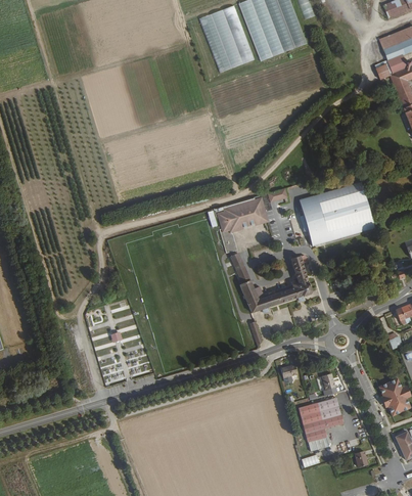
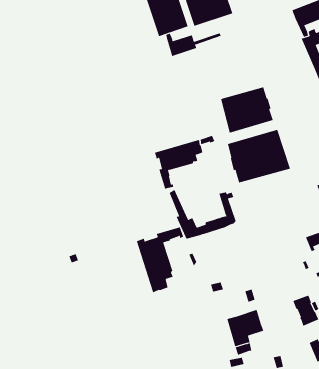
building: none -> [166,32,221,57]
building: none -> [221,86,273,134]
building: none -> [136,226,184,293]

